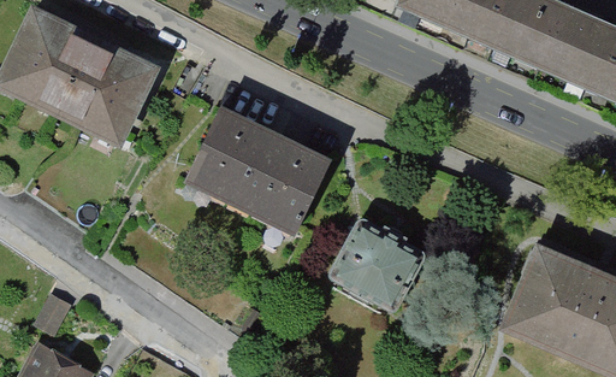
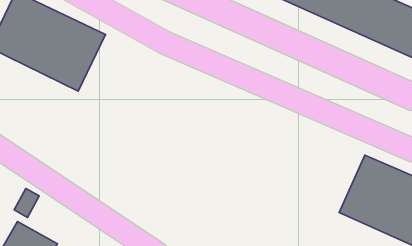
building: [184,107,333,237] -> none
building: [332,225,426,313] -> none

